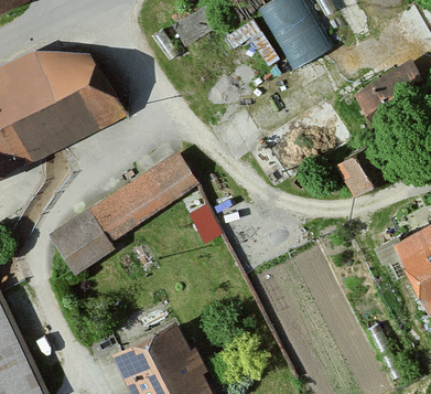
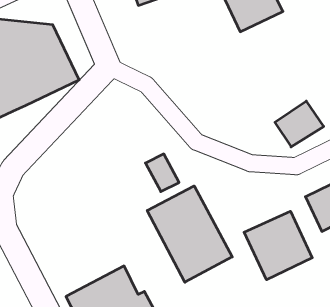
building: [54,149,203,274] -> none
building: none -> [147,186,232,282]
building: none -> [244,211,312,280]

